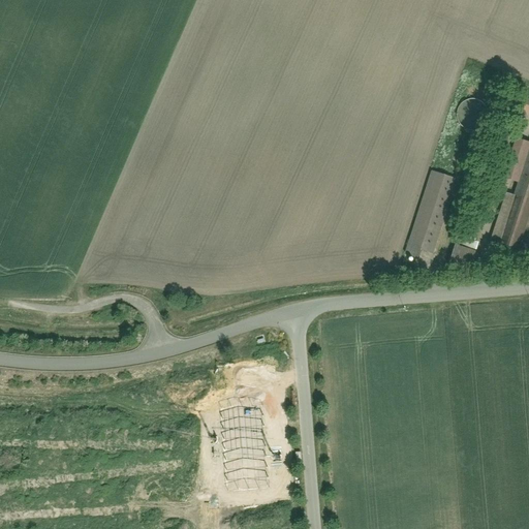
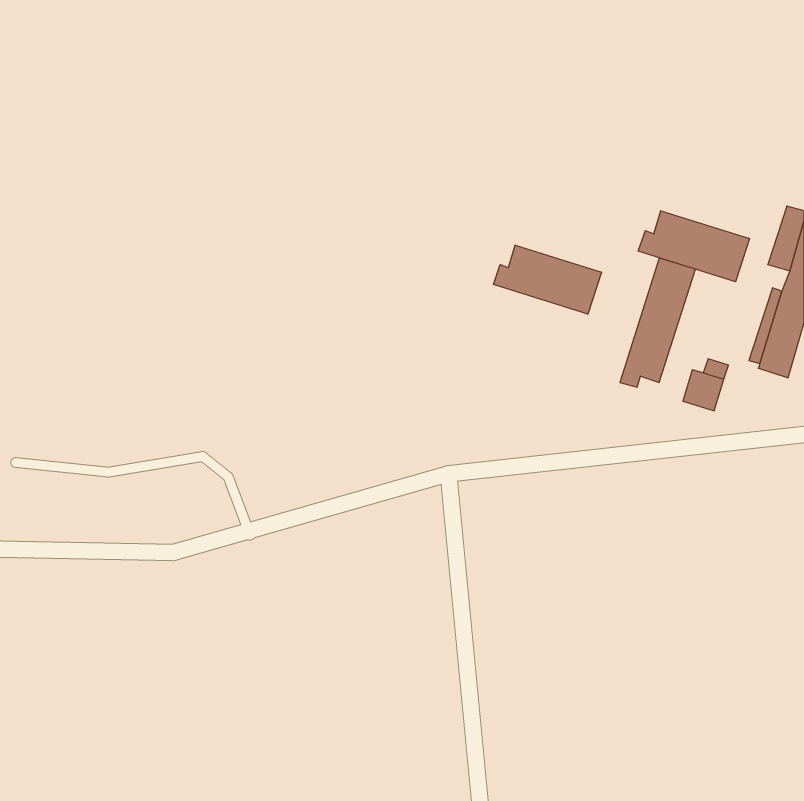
building: none -> [638,211,750,282]
building: none -> [493,245,601,314]

